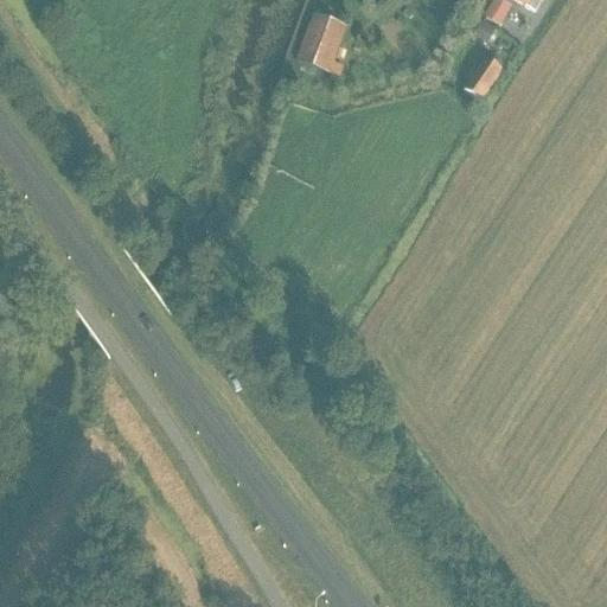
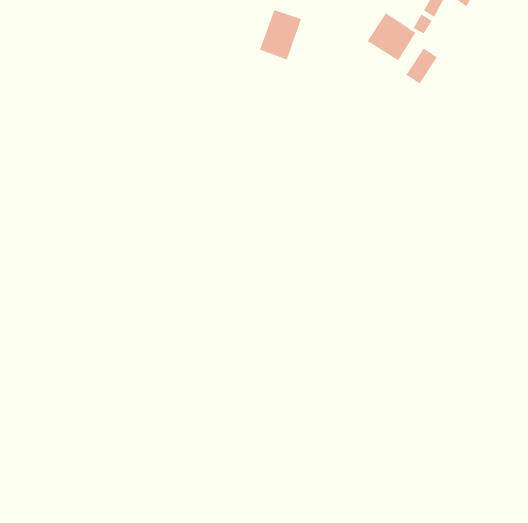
building: none -> [367,12,416,61]

